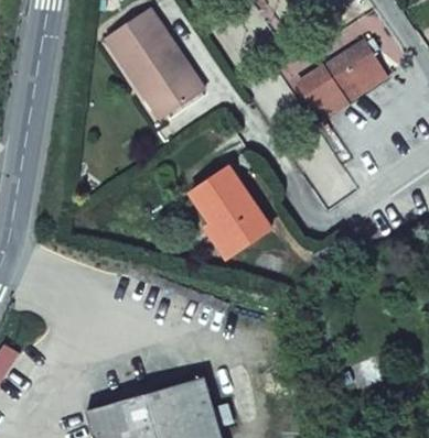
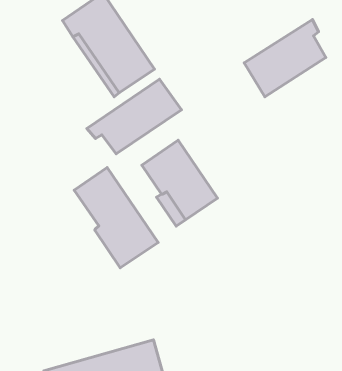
building: none -> [87,79,181,154]
building: none -> [74,167,158,268]

